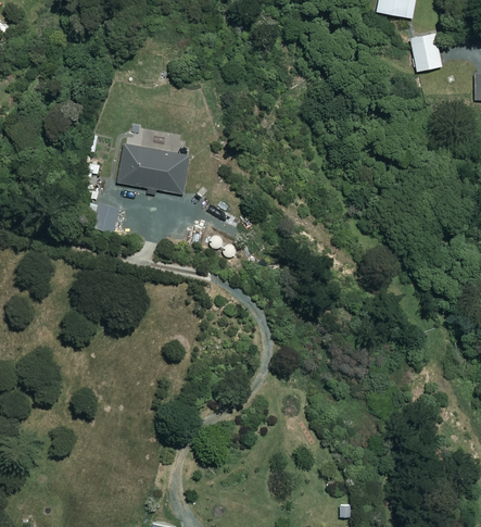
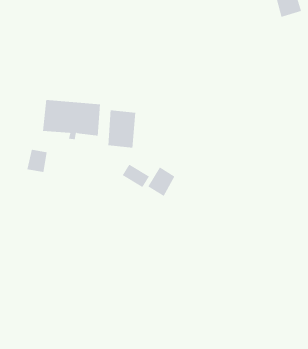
building: none -> [108,109,136,149]
building: none -> [148,166,175,197]

